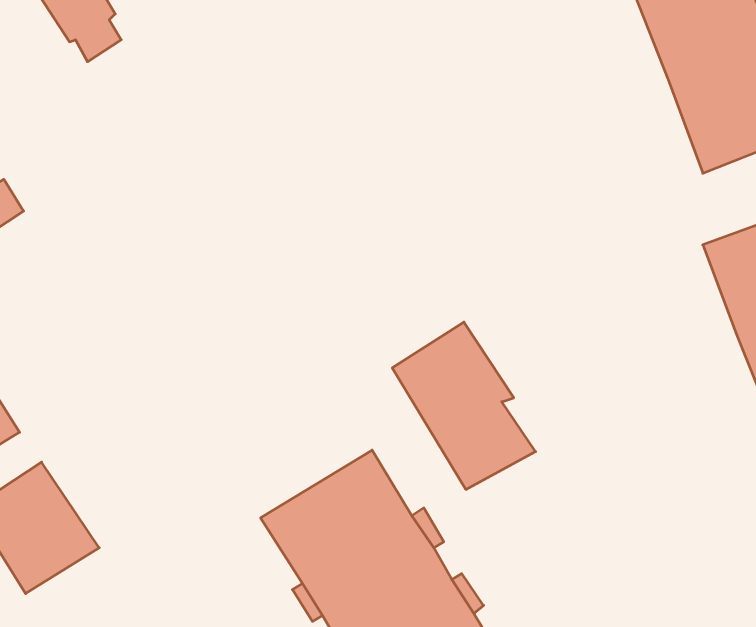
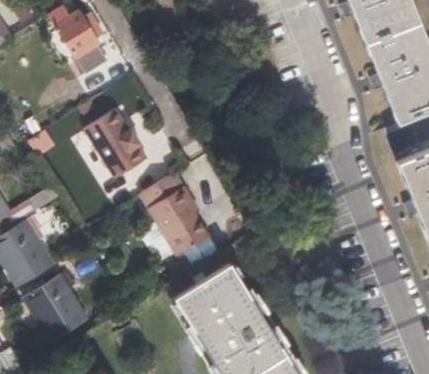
building: none -> [83,109,146,178]
building: [392,322,536,489] -> [141,170,213,255]

